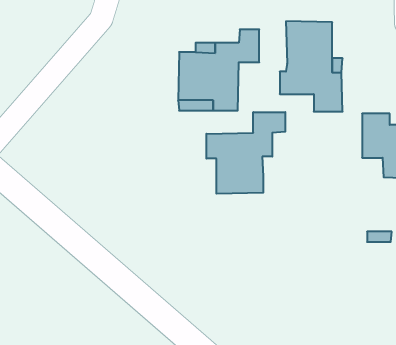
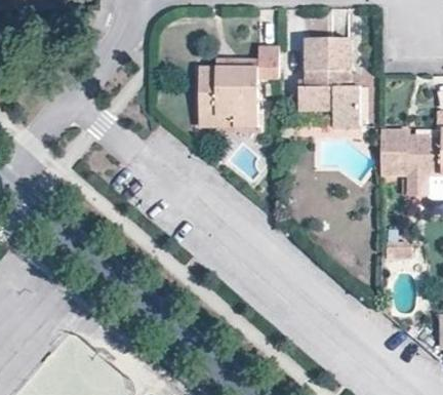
building: [206,112,285,194] -> none

